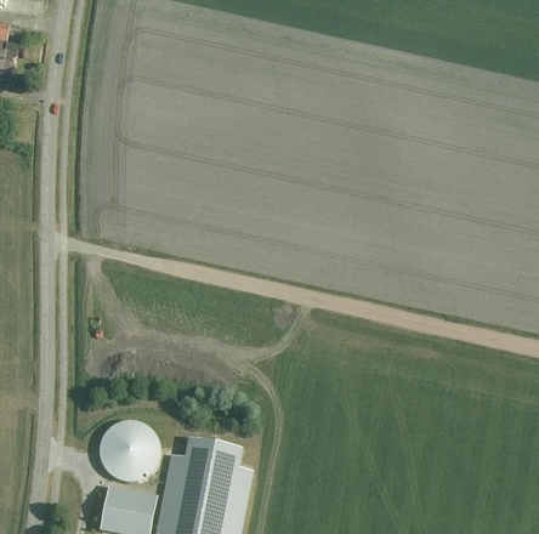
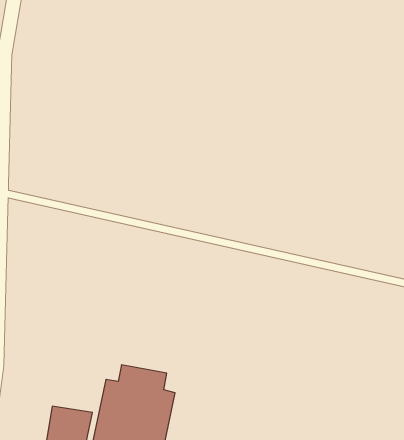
building: [97,420,160,483] -> none

